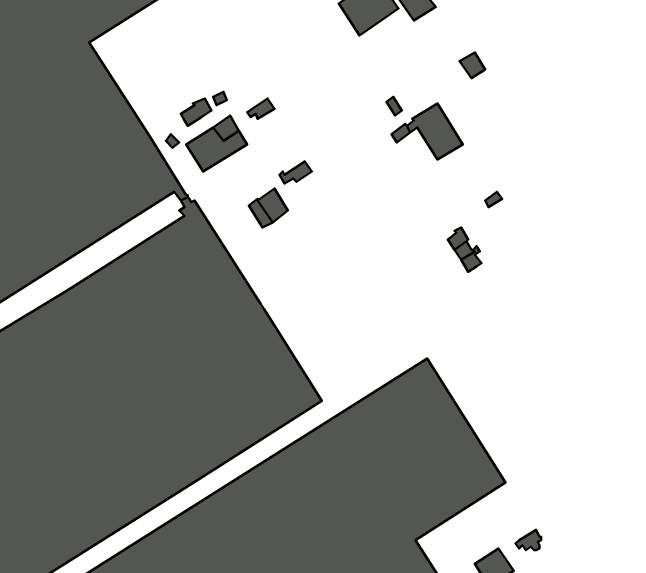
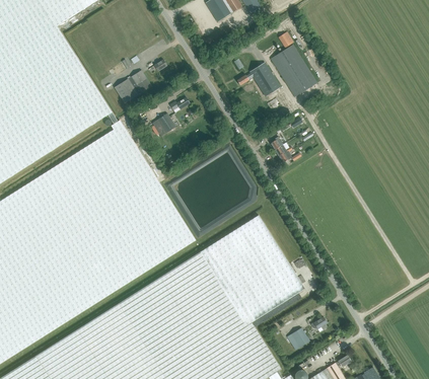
building: none -> [270,45,315,97]

